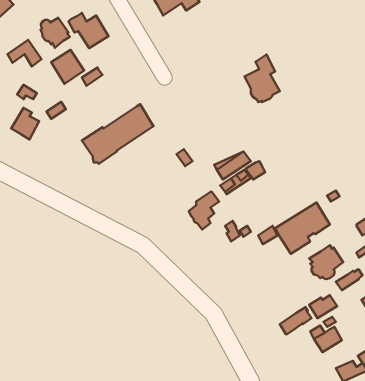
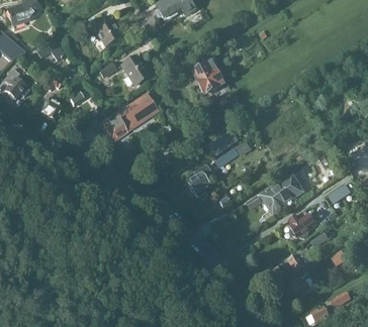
building: [41,18,70,48] -> none
building: [51,50,84,84] -> [122,56,150,84]
building: [245,55,280,102] -> [194,53,223,93]

